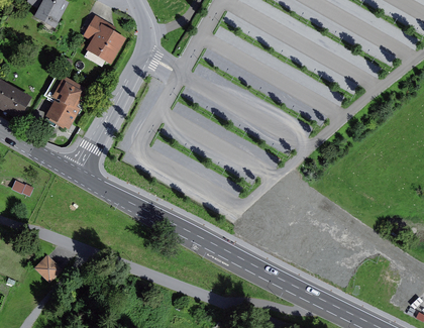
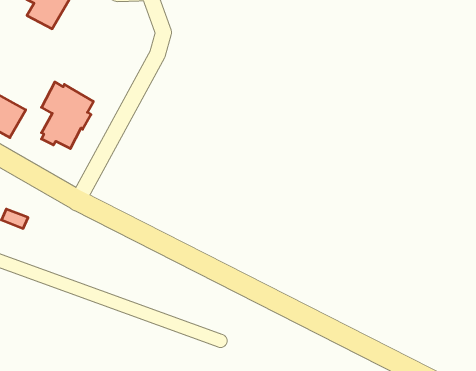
building: [83,13,125,64] -> none
building: [33,251,62,280] -> none

